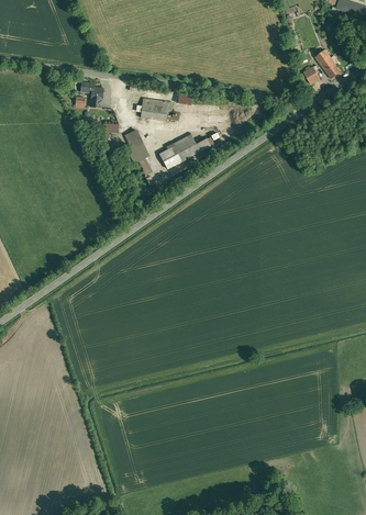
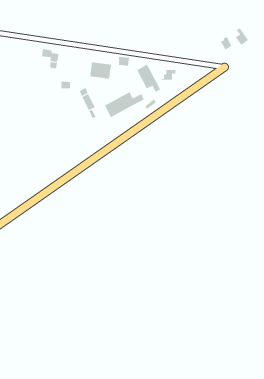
building: none -> [136,64,161,93]

